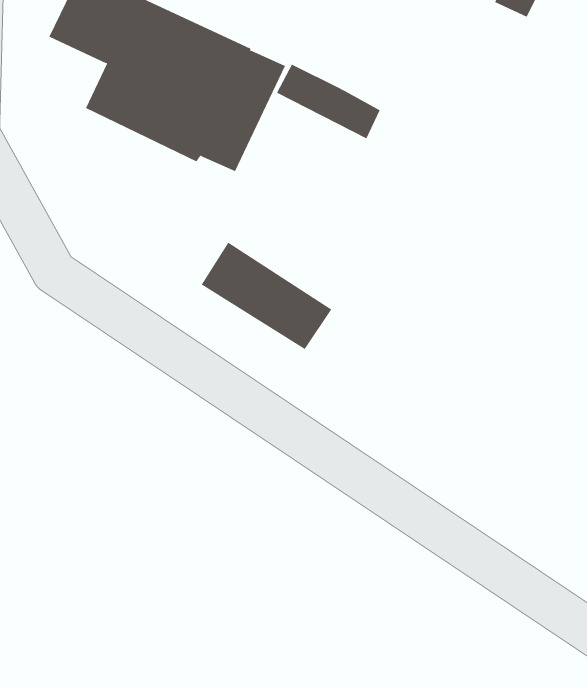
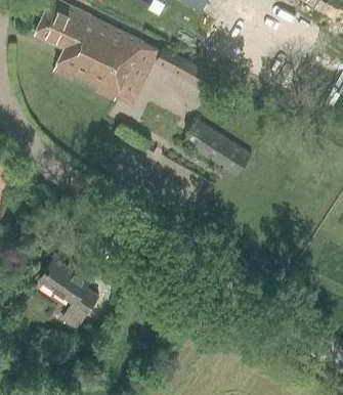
building: [201,242,332,350] -> [181,119,251,176]
building: none -> [39,260,96,328]

